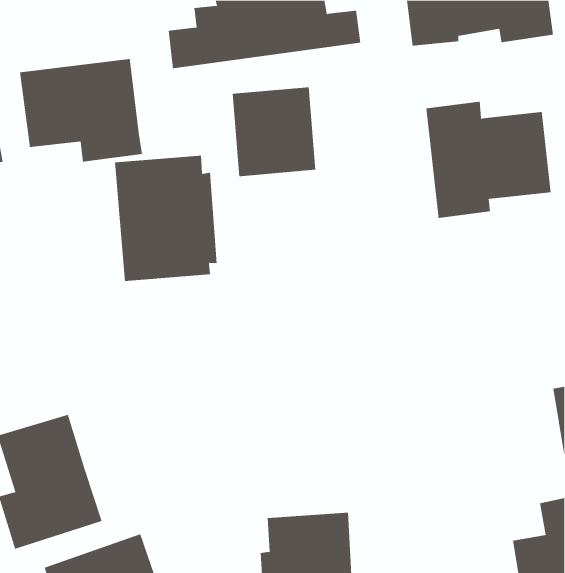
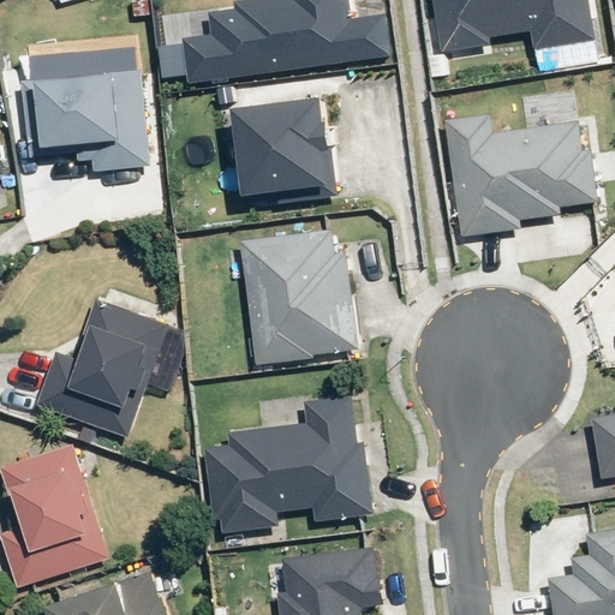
building: [114,155,218,281] -> [244,232,354,366]
building: none -> [35,299,166,440]
building: none -> [204,396,368,531]

